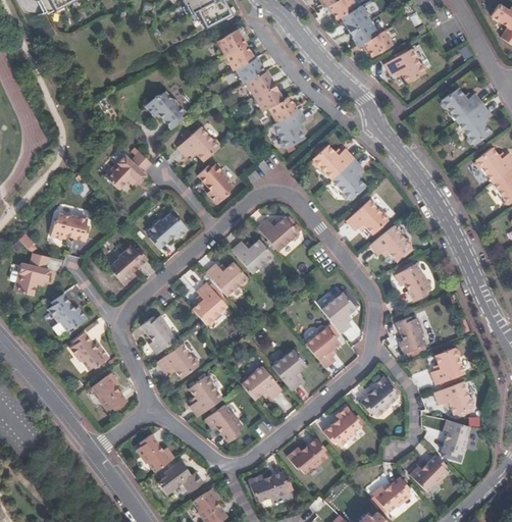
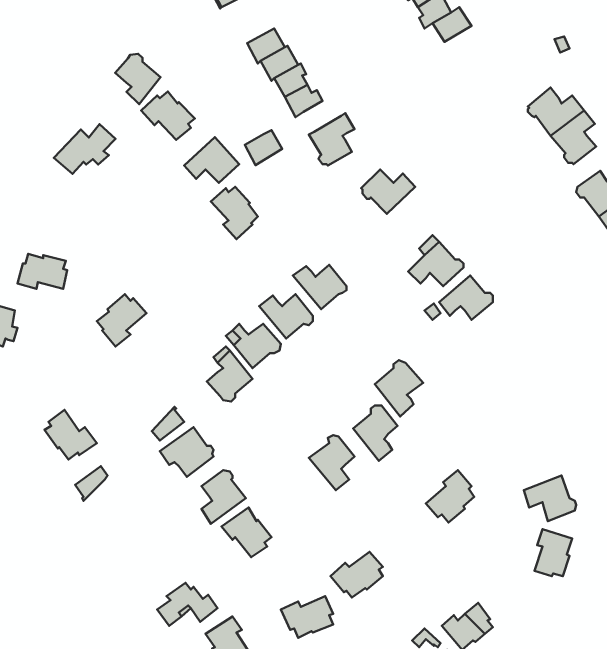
building: [215,25,245,52] -> none
building: [377,47,420,84] -> none
building: none -> [115,54,161,104]
building: [267,93,296,119] -> [245,130,282,165]
building: [104,149,151,187] -> [54,124,116,174]
building: [330,161,365,202] -> none
building: [148,210,188,247] -> none
building: [396,268,432,307] -> none
building: [48,292,88,329] -> none
building: [141,316,169,347] -> none
building: [396,317,426,354] -> none
building: [430,349,464,385] -> none
building: [242,367,284,402] -> none
building: [100,380,127,412] -> none
building: [323,407,361,447] -> none
building: [135,433,173,472] -> none
building: [408,455,448,491] -> none

